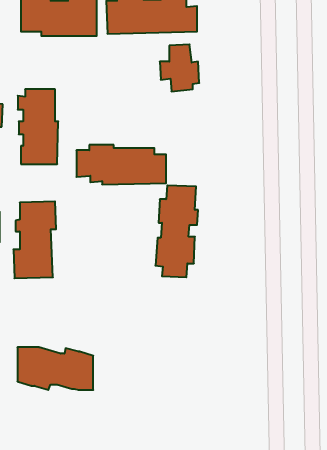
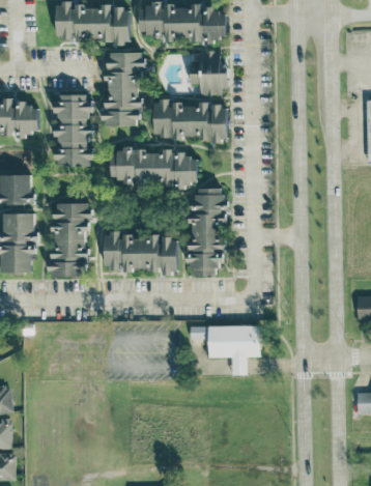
building: none -> [103,52,143,126]
building: none -> [153,101,227,141]
building: none -> [191,325,261,376]
building: [17,347,93,390] -> [103,232,176,274]

